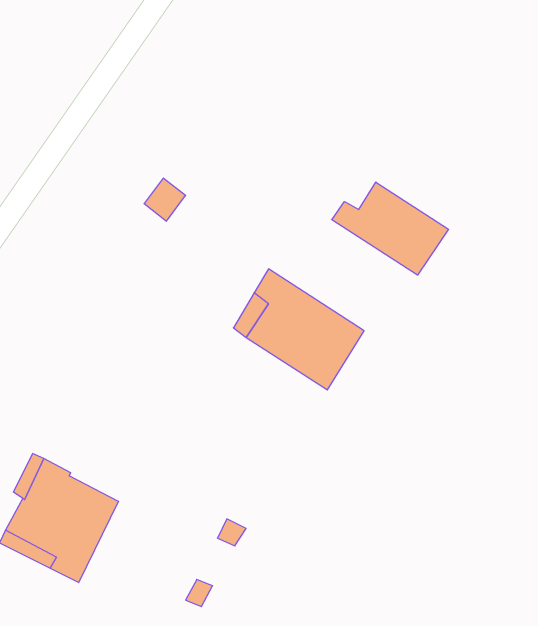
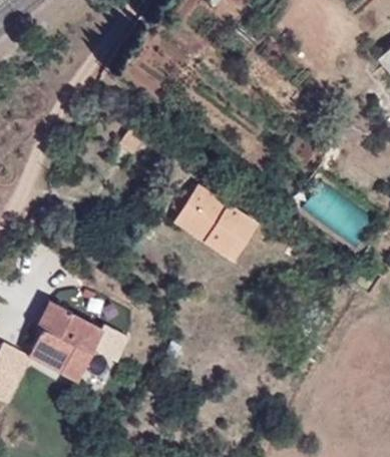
building: [332,182,449,275] -> none

